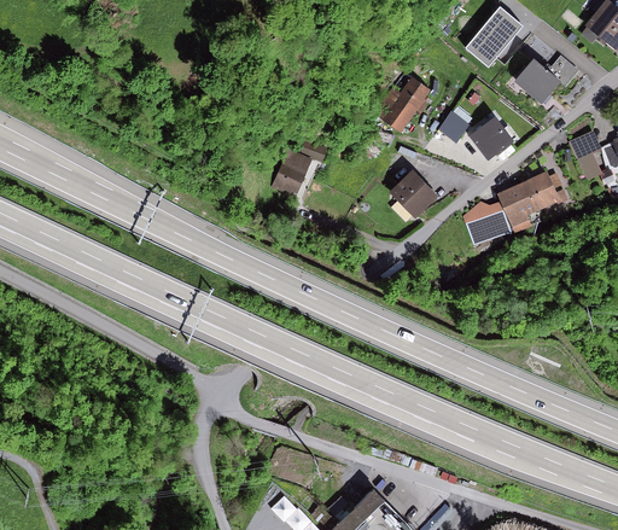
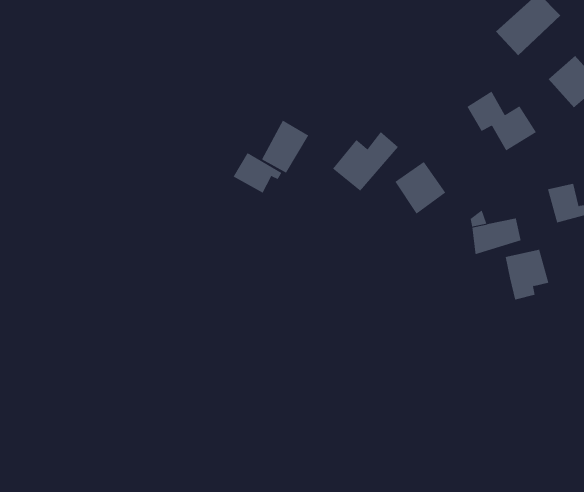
building: [372,77,428,133] -> [332,131,399,191]
building: [497,181,540,229] -> [505,249,549,300]
building: none -> [233,152,282,194]

